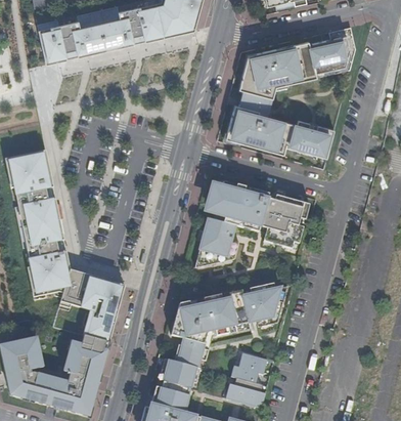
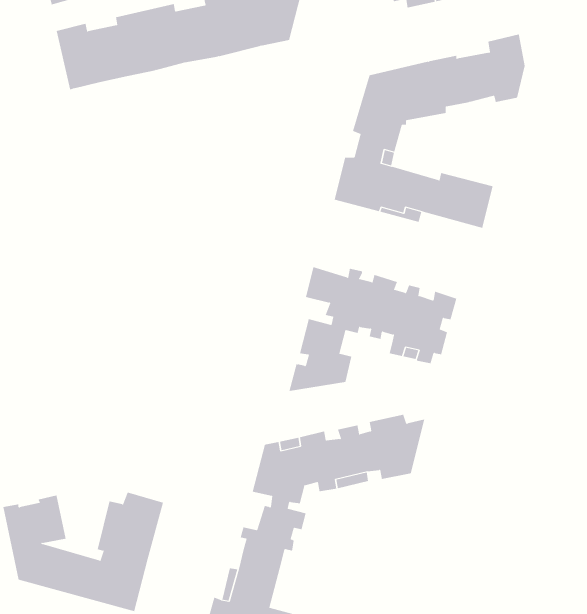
building: [5,151,127,342] -> none
building: [224,353,266,408] -> none

